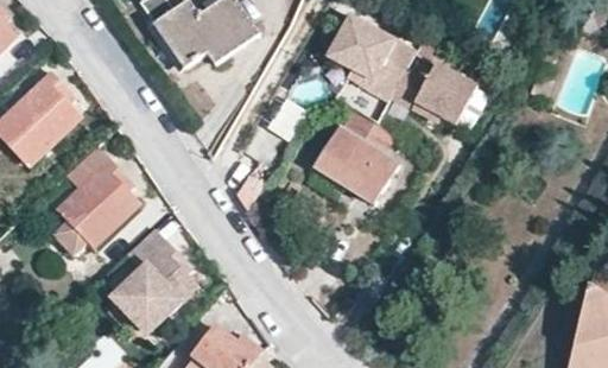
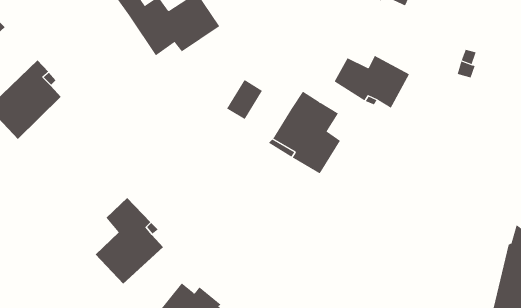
building: [327,17,412,97] -> none
building: [56,160,138,252] -> none

